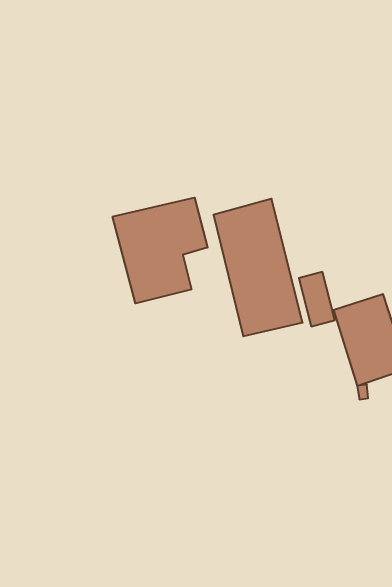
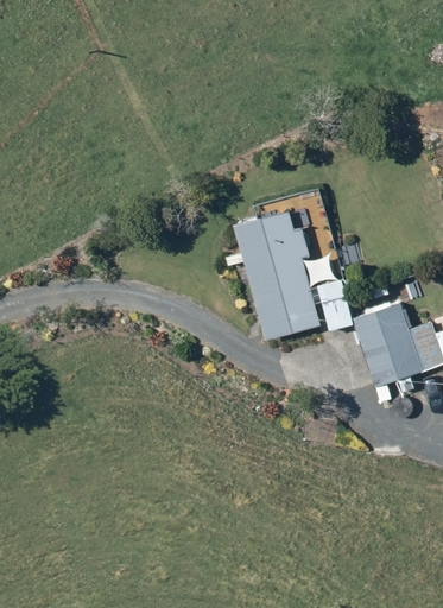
building: [113,198,208,303] -> none

